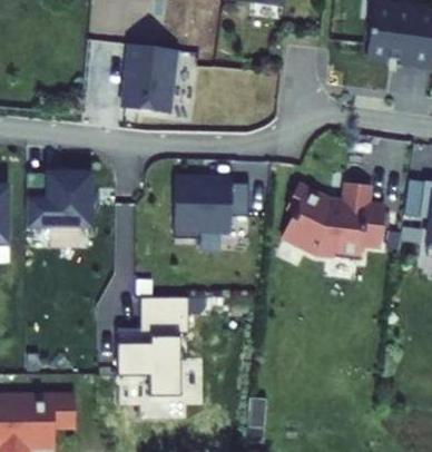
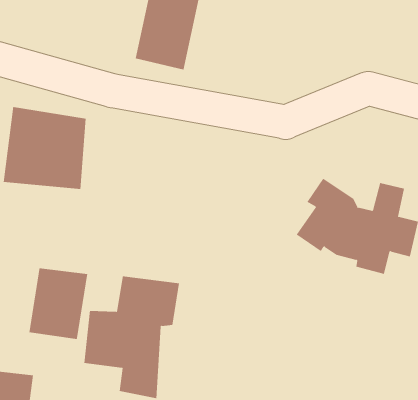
building: [174,173,244,238] -> none
building: none -> [29,267,88,340]

